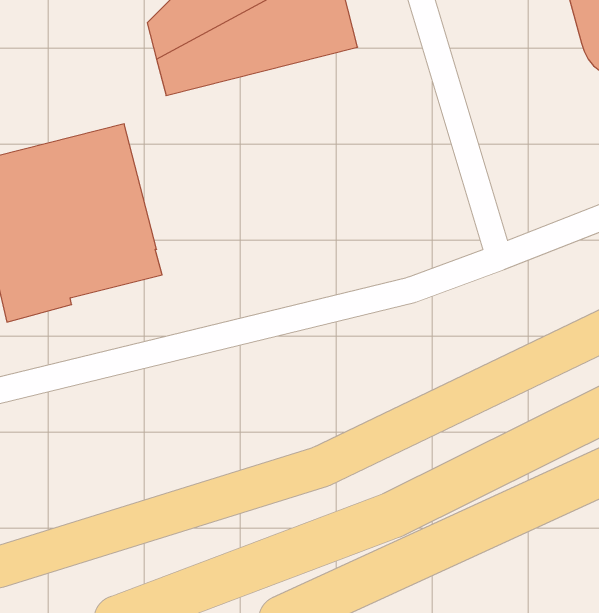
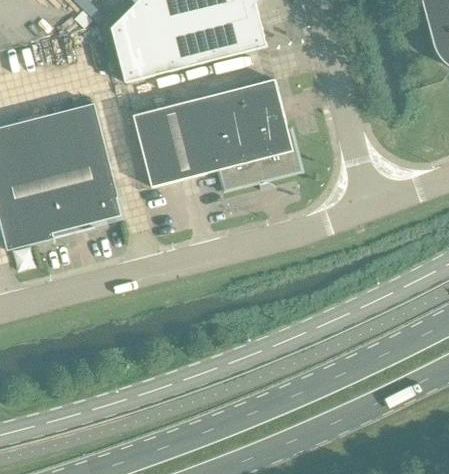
building: none -> [134,78,298,185]

